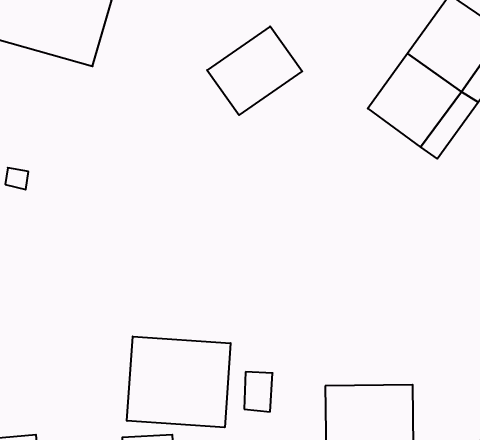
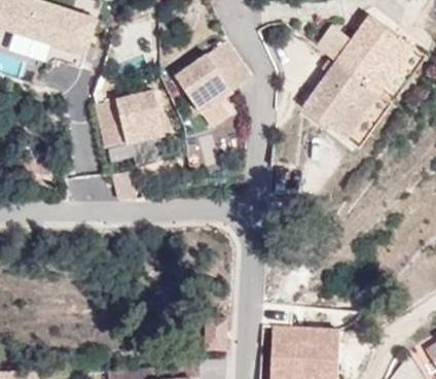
building: none -> [95,89,164,145]
building: [127,336,231,427] -> none

